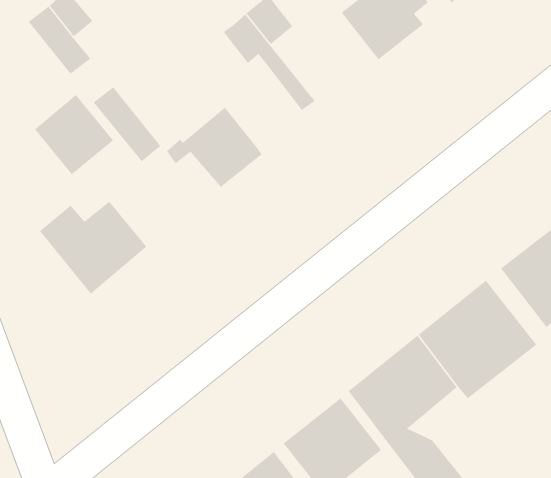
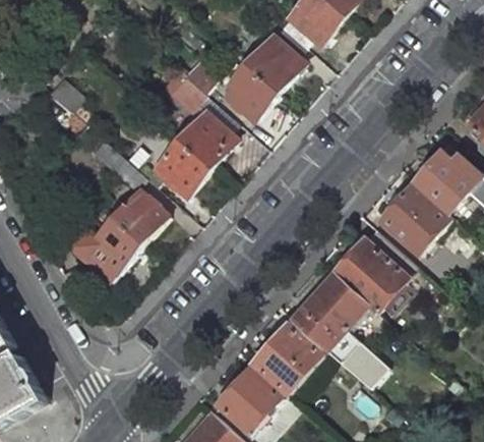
building: none -> [220,65,277,122]
building: none -> [179,112,236,169]
building: [34,94,114,175] -> [112,189,167,244]

